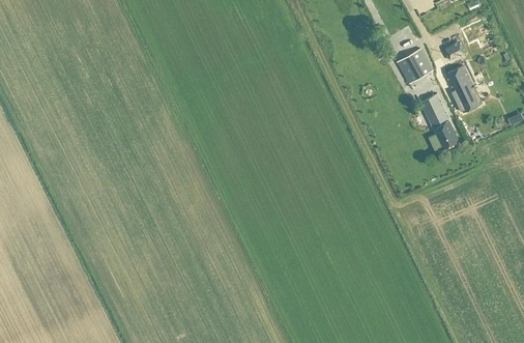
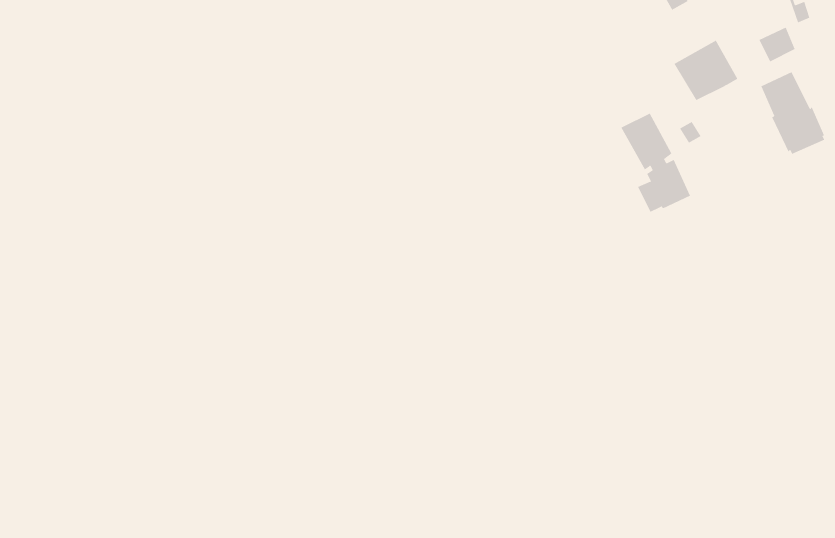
building: [418,94,458,150] -> [621,113,691,213]

